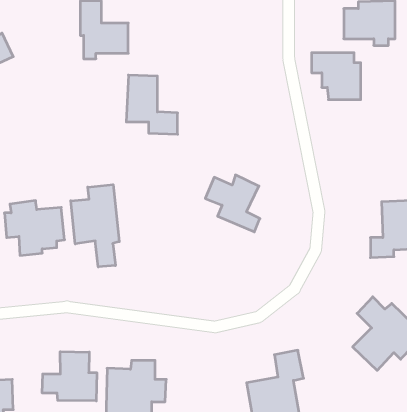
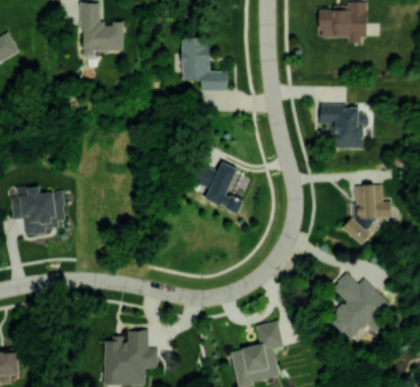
building: [312,53,361,100] -> [319,106,364,149]
building: [126,75,178,134] -> [180,38,227,92]
building: [71,185,119,267] -> none
building: [42,352,97,401] -> none

